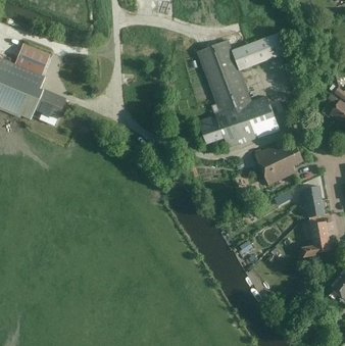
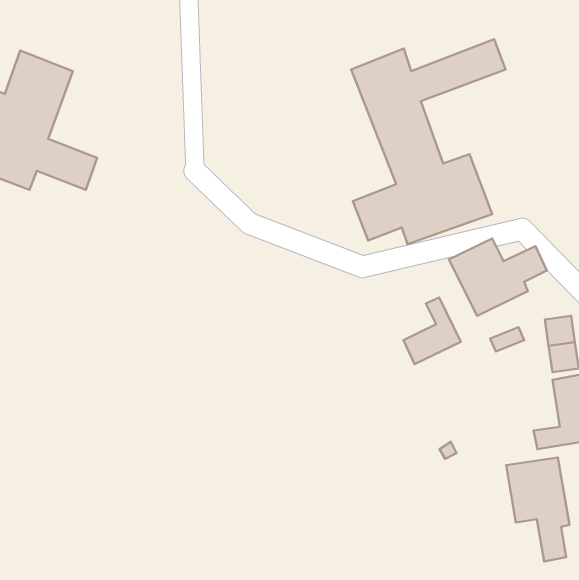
building: none -> [403,298,461,364]
building: none -> [506,458,569,561]

